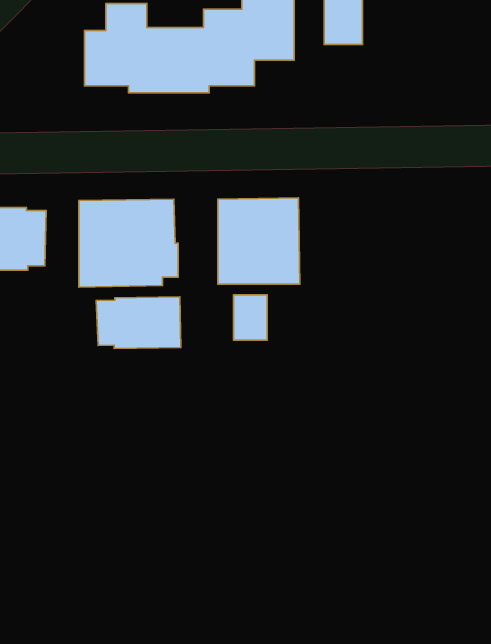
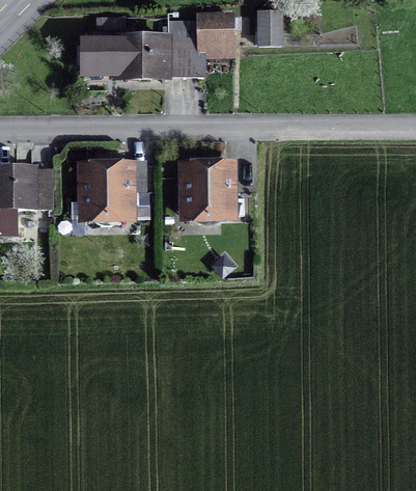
building: [233,295,267,340] -> none
building: [96,297,181,349] -> none

